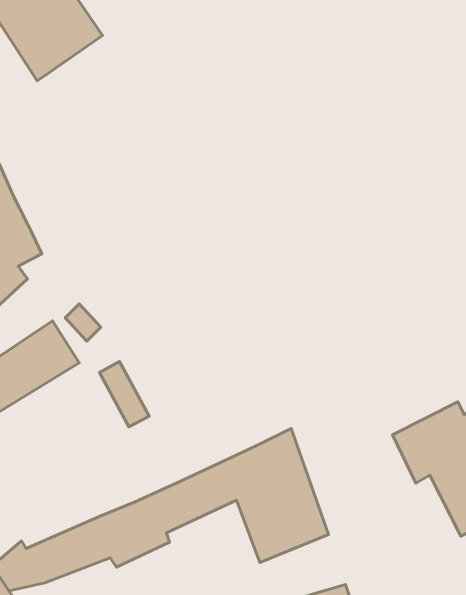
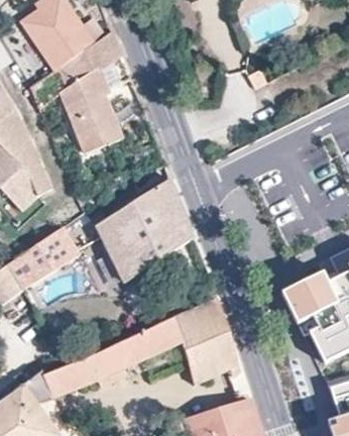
building: none -> [56,29,129,151]
building: none -> [96,178,193,280]

